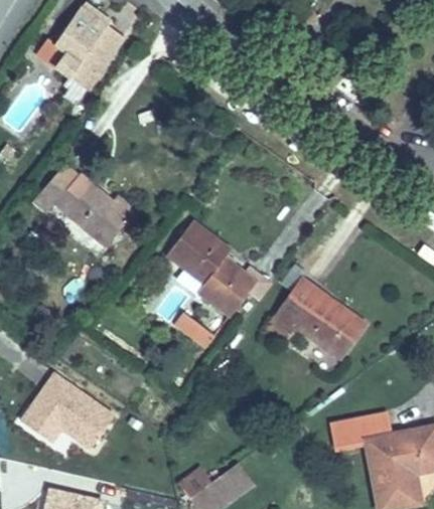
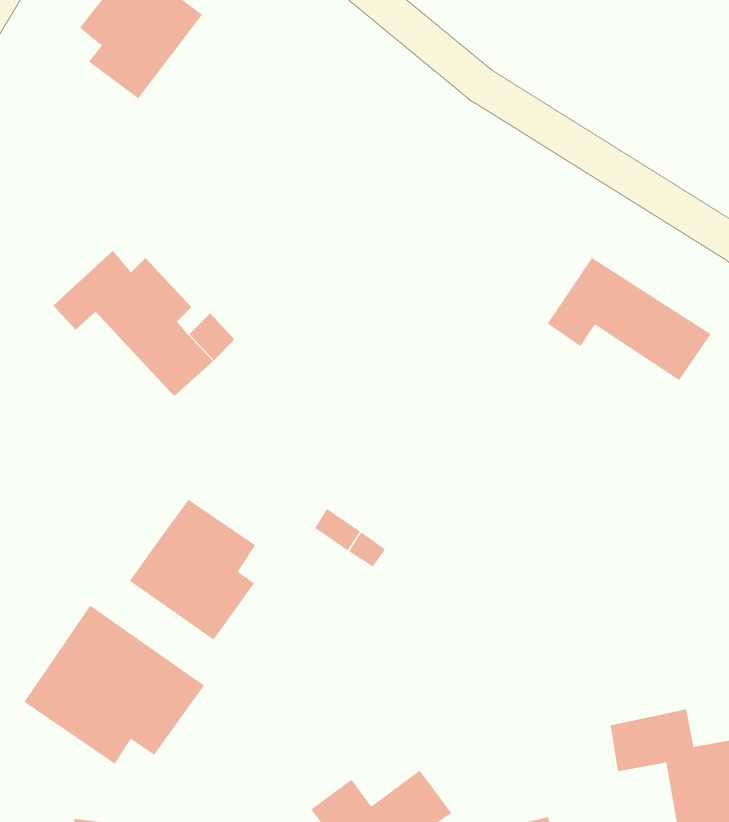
building: [167,225,256,314] -> none
building: [272,283,365,352] -> [547,257,712,381]
building: none -> [129,499,256,641]

